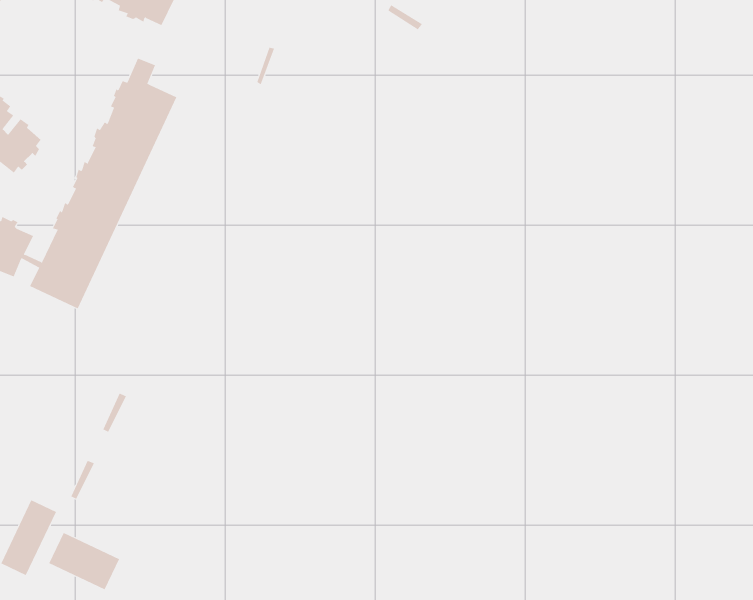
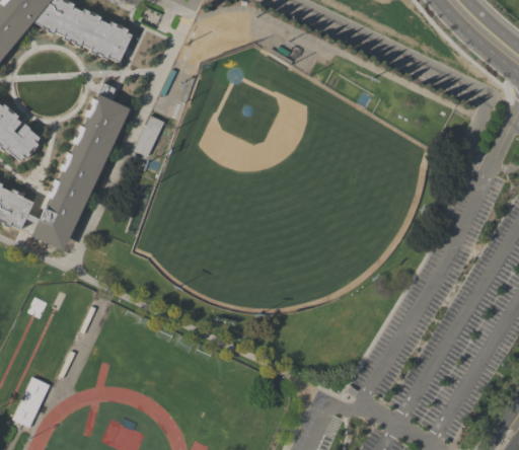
building: none -> [135,117,164,158]
building: [48,532,120,590] -> none

